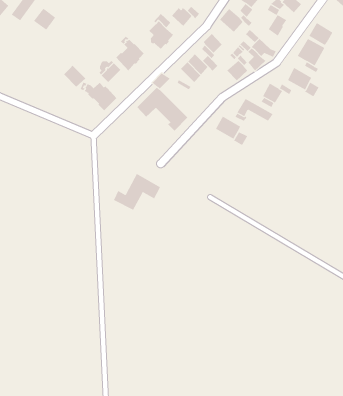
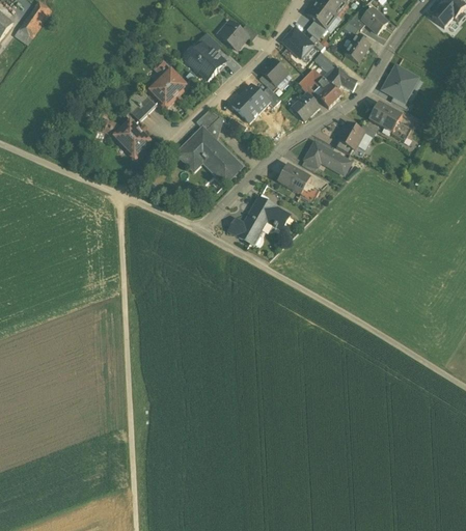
building: [33,8,56,31] -> none
building: [308,22,333,46] -> none
building: [63,65,86,88] -> none
building: [113,173,161,211] -> [228,196,290,244]

